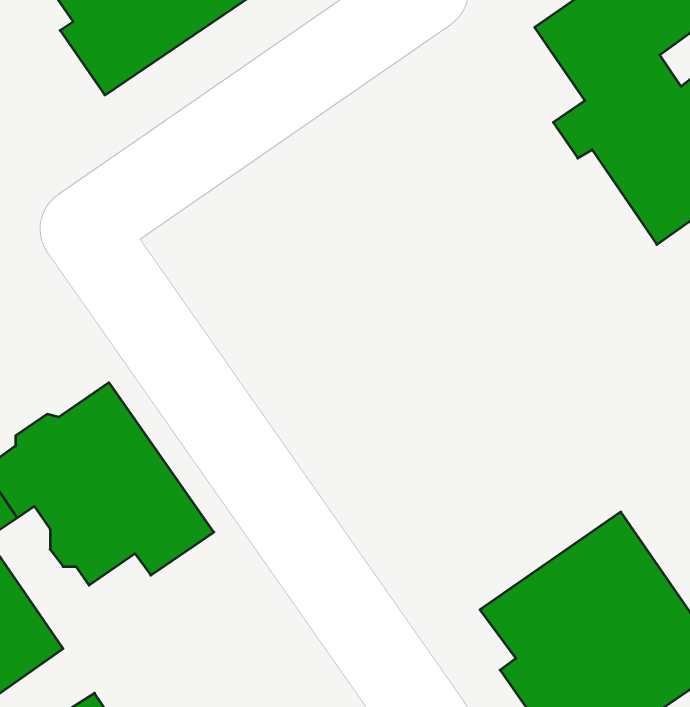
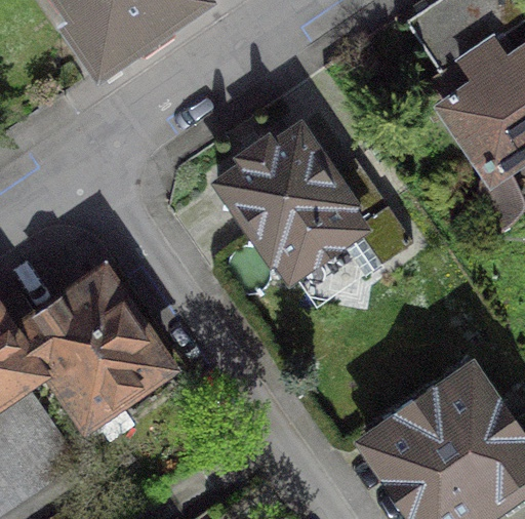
building: none -> [216,126,413,277]

